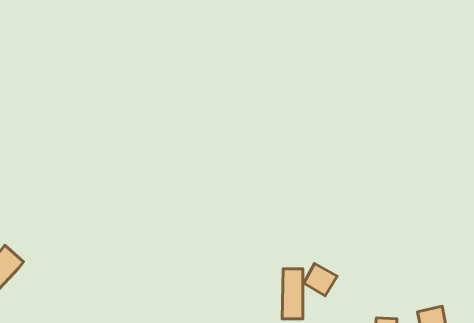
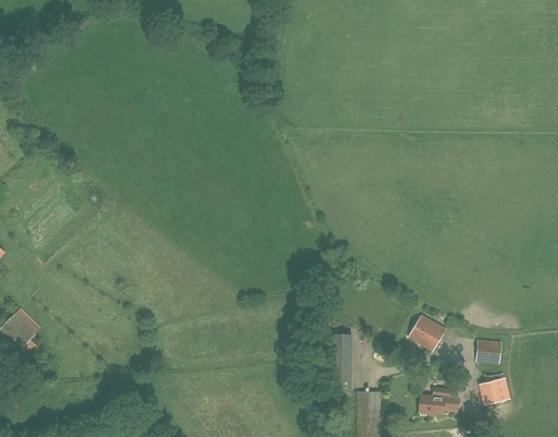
building: [304,263,337,296] -> [409,315,446,351]
building: none -> [475,340,500,363]

